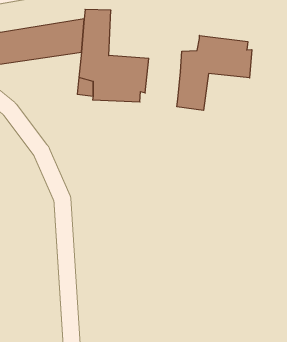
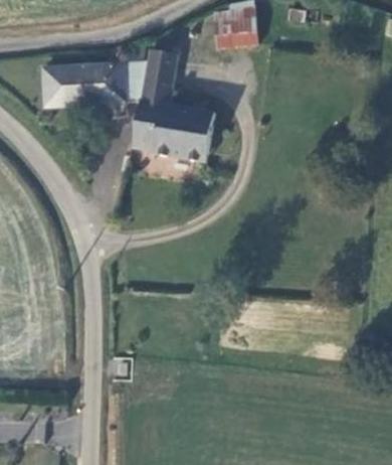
building: [177,35,252,110] -> none

